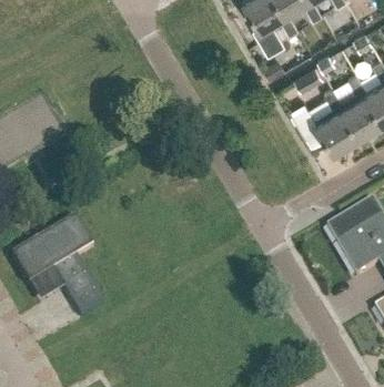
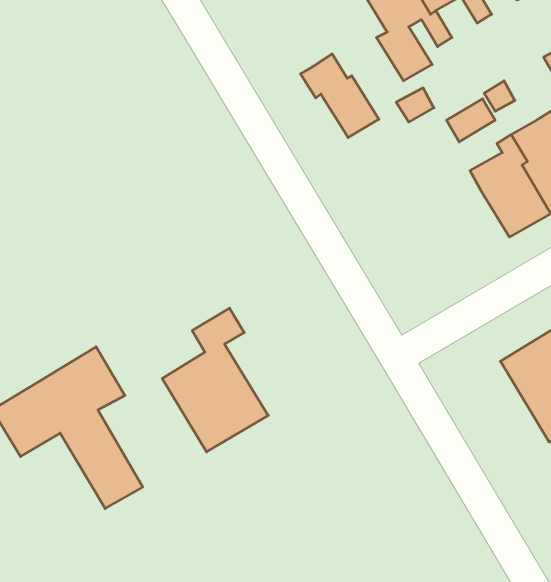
building: none -> [301,54,379,138]
building: none -> [162,308,268,452]

